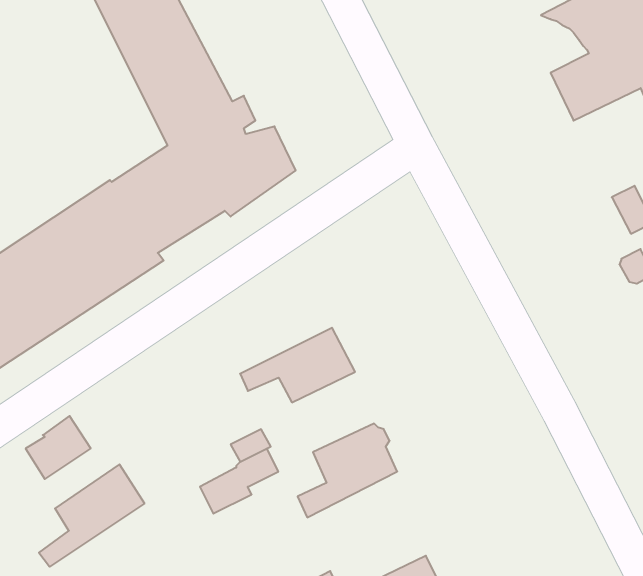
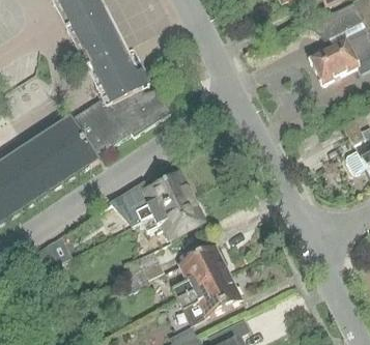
building: none -> [111,169,191,223]
building: [39,464,144,567] -> none
building: none -> [177,271,239,319]

